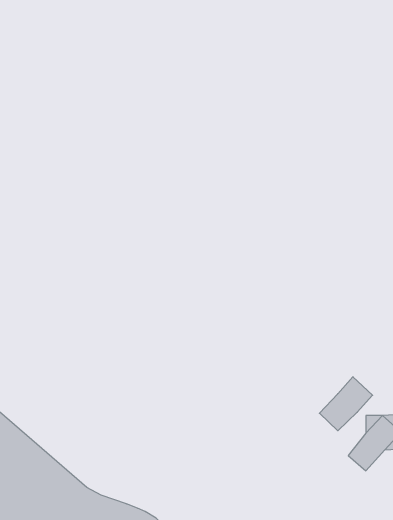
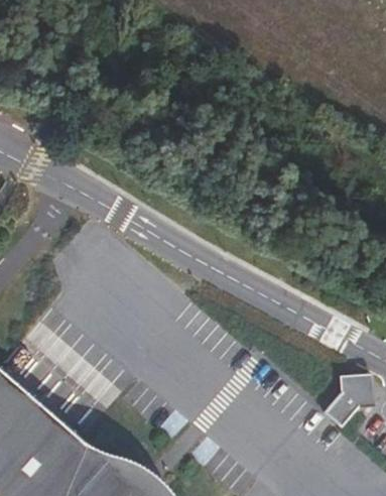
building: [319,377,373,431] -> none

